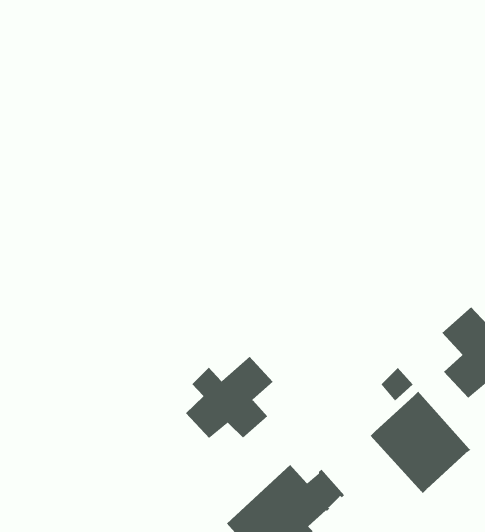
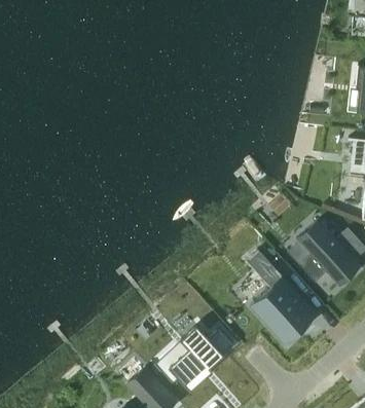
building: [185,356,273,439] -> none

